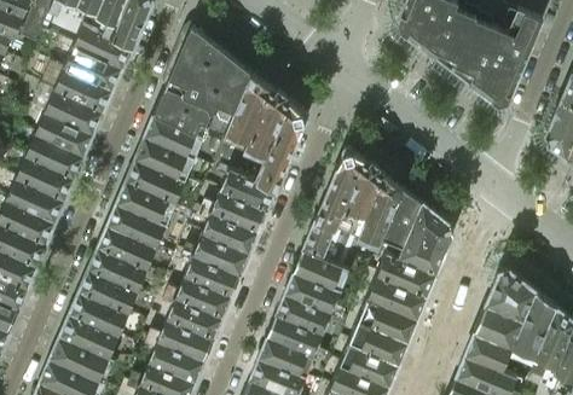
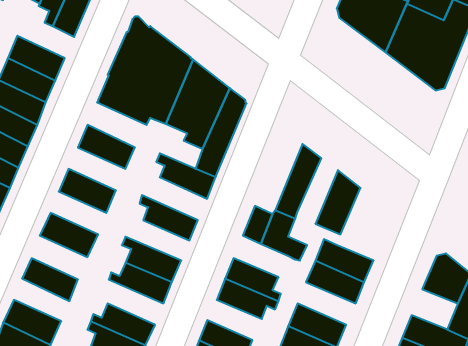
building: [71,29,129,74] -> none
building: [143,118,201,164] -> none
building: [208,139,260,186] -> none
building: [313,151,361,232] -> none
building: [123,164,181,208] -> none
building: [347,175,398,263] -> none
building: [198,194,265,238] -> none
building: [397,205,451,279] -> none
building: [105,209,162,252] -> none
building: [181,238,247,279] -> none
building: [86,254,143,298] -> none
building: [291,254,347,296] -> none
building: [68,297,125,341] -> none
building: [161,298,220,344] -> none
building: [357,301,416,344] -> none
building: [473,308,520,349] -> none
building: [265,319,320,360] -> none

